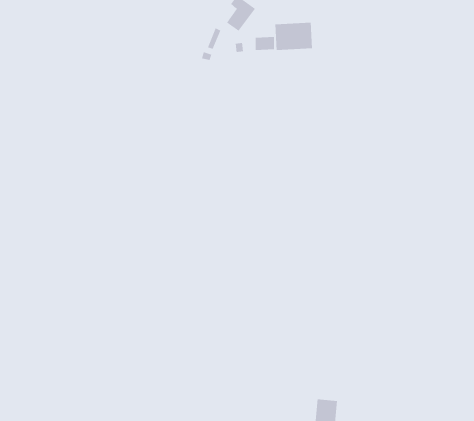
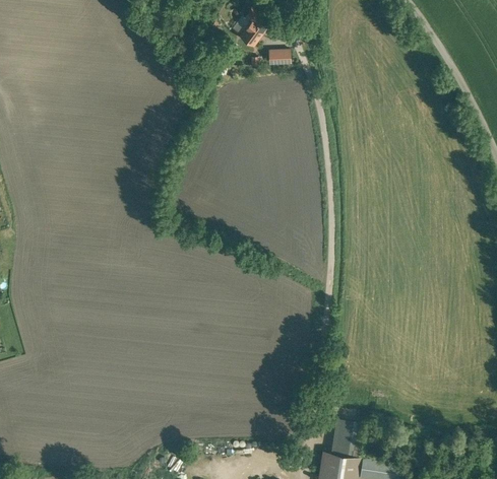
building: [275,22,313,51] -> none

